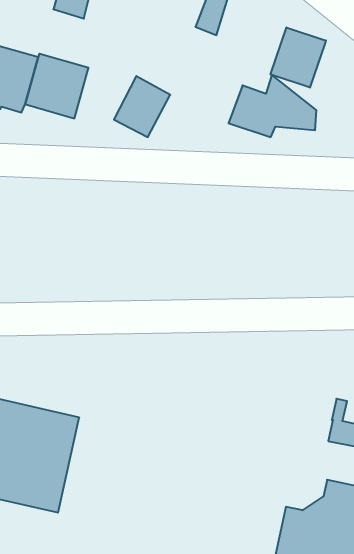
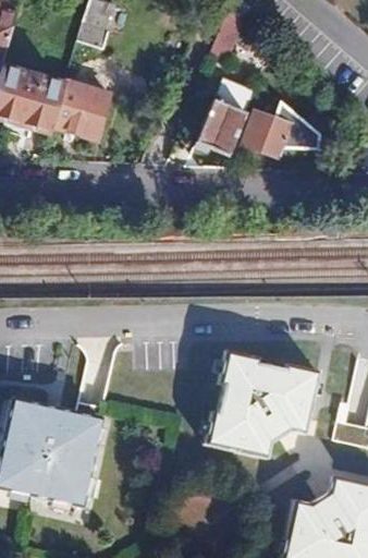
building: [271,27,326,88] -> none
building: [114,76,170,137] -> [195,99,247,156]
building: none -> [200,349,318,458]

